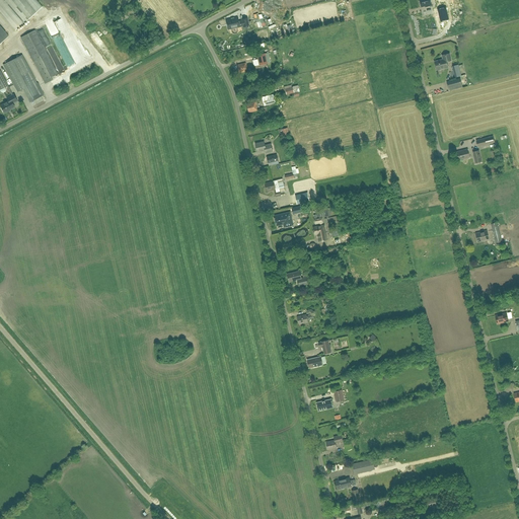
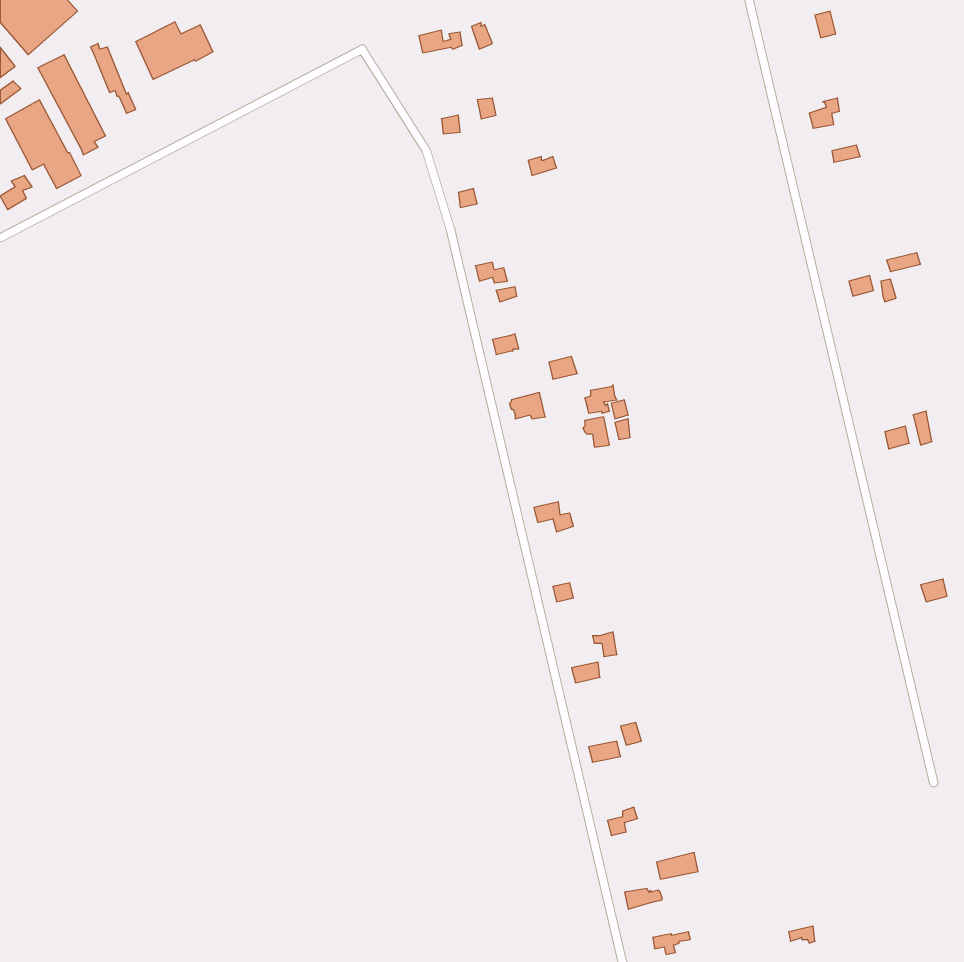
building: none -> [136,22,213,80]

